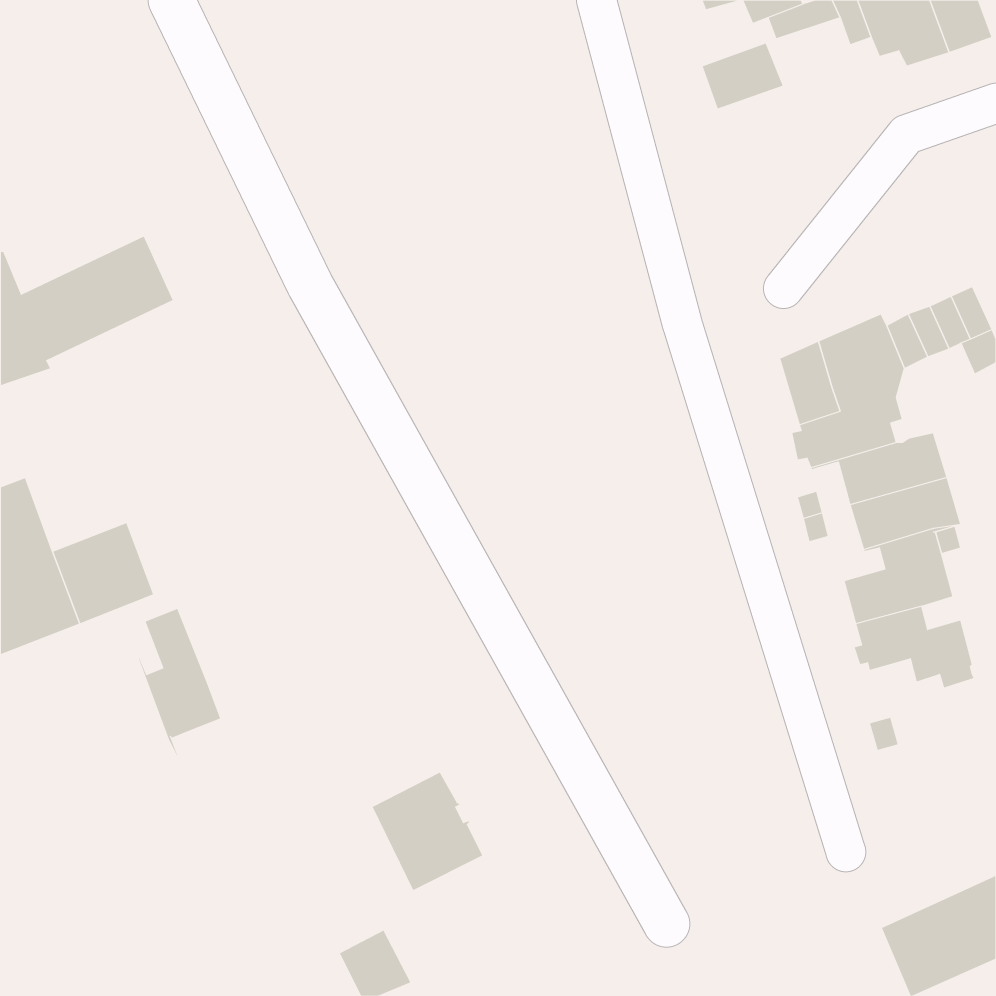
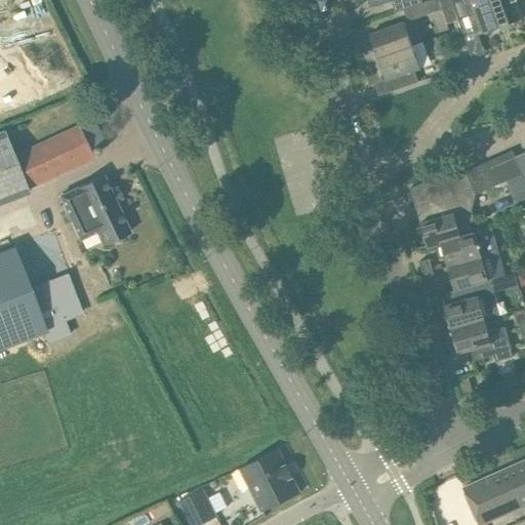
building: none -> [377,45,420,81]
building: none -> [59,175,130,245]
building: [138,608,221,768] -> none
building: [372,772,483,891] -> [241,449,299,512]

